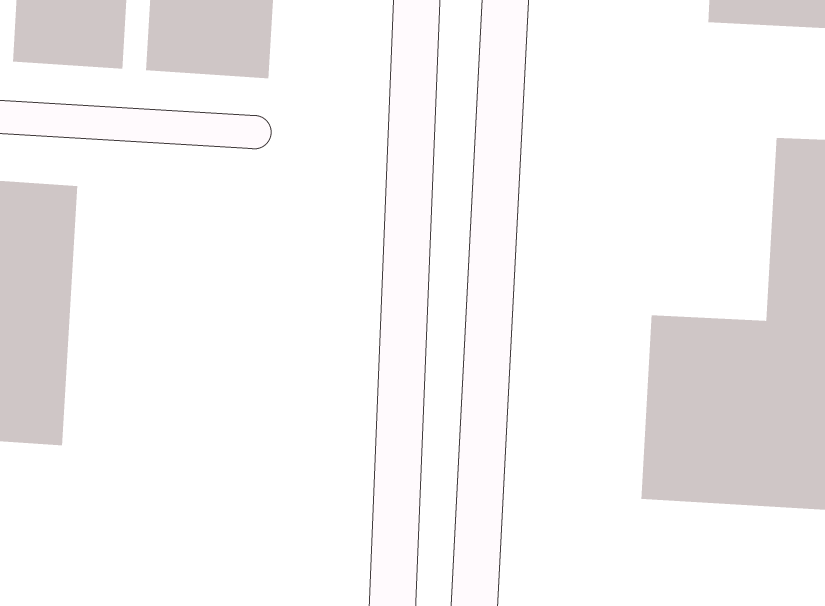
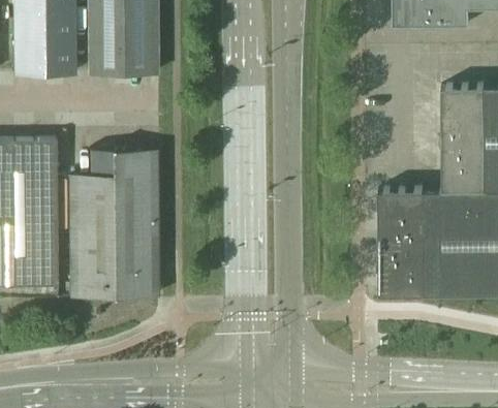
building: none -> [69,149,158,299]

